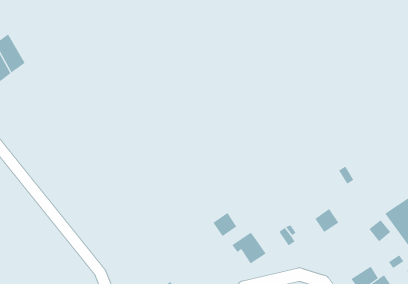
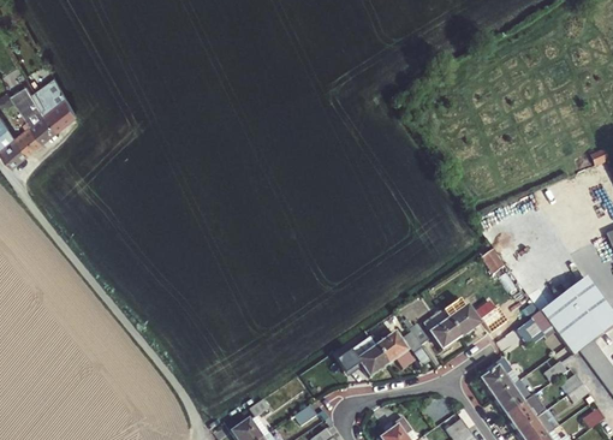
building: none -> [423,309,462,350]
building: [213,212,237,237] -> [376,332,407,363]
building: none -> [483,358,522,396]

